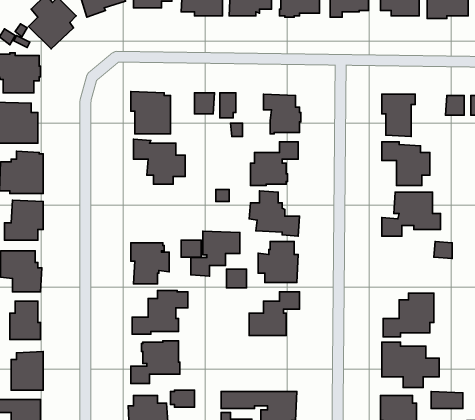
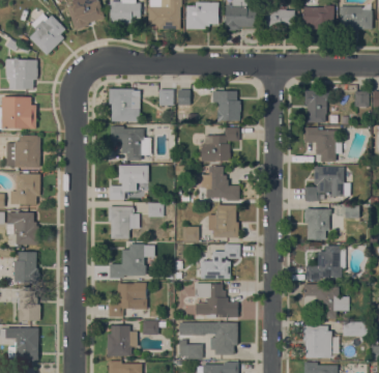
building: [191,231,240,276] -> [110,165,148,200]
building: none -> [304,208,330,239]
building: none -> [195,284,238,319]

